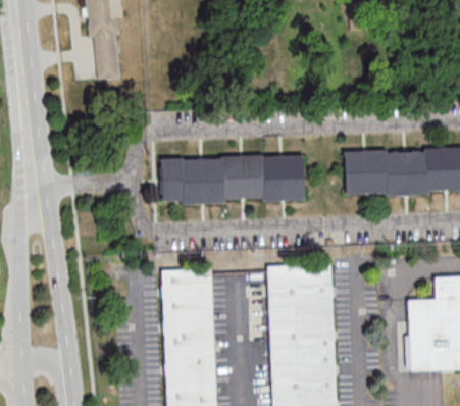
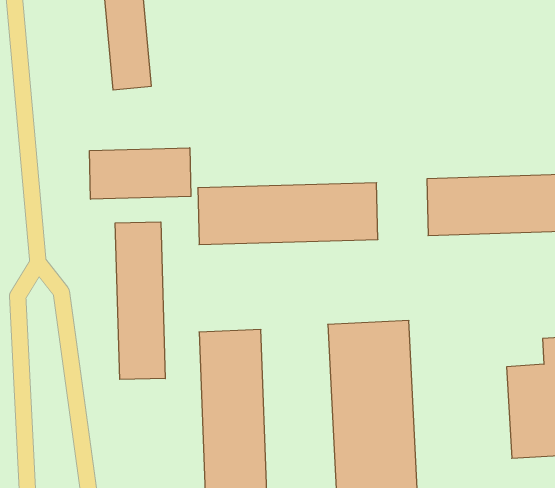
building: none -> [90,148,191,199]
building: none -> [115,222,165,379]

